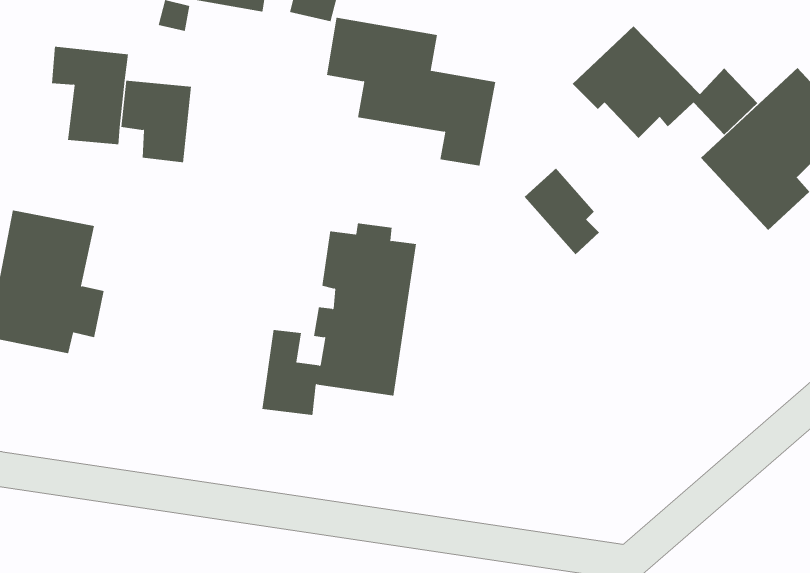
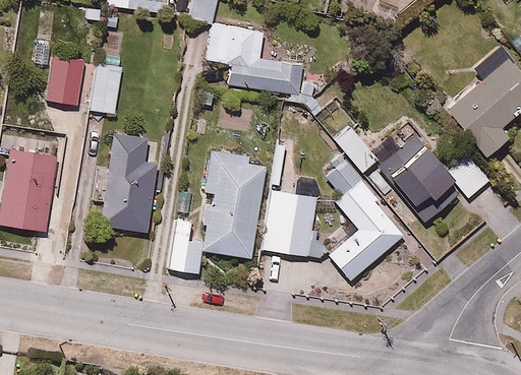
building: [572,25,758,139] -> [373,131,490,202]
building: none -> [91,129,157,229]
building: none -> [324,152,405,280]
building: none -> [262,189,319,258]

